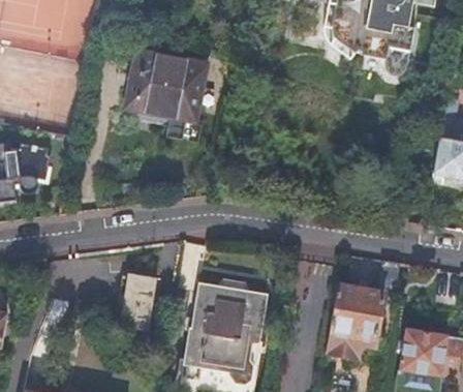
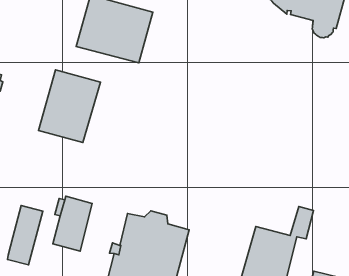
building: none -> [39,70,101,143]
building: none -> [7,206,43,265]

